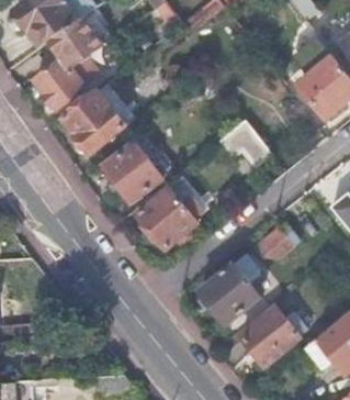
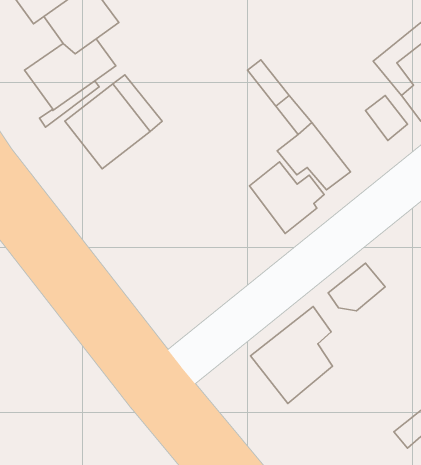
building: [104,144,161,203] -> none
building: [139,195,194,247] -> [249,162,324,234]
building: [239,309,300,367] -> none

